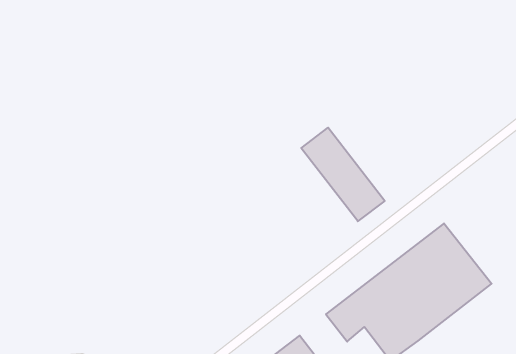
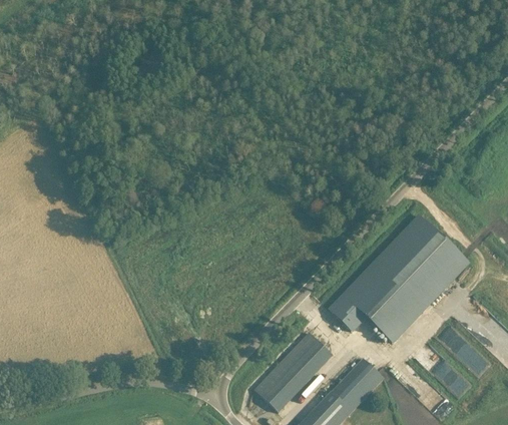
building: [301,128,385,221] -> none

